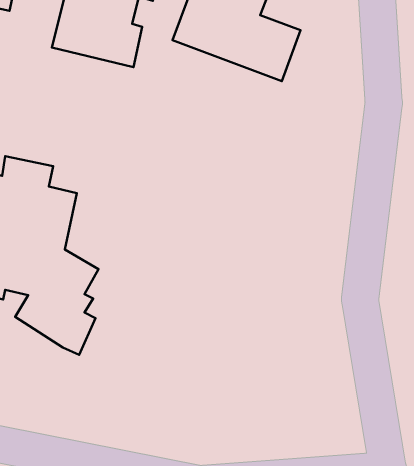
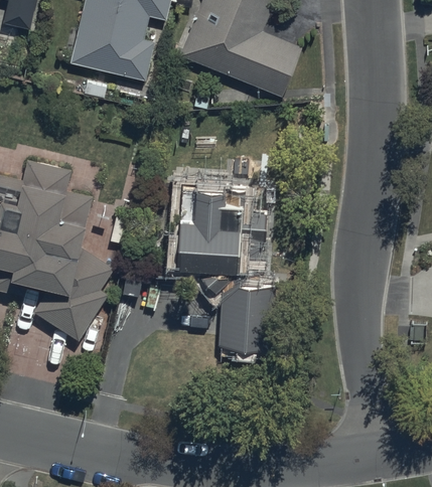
building: none -> [178,185,273,345]

